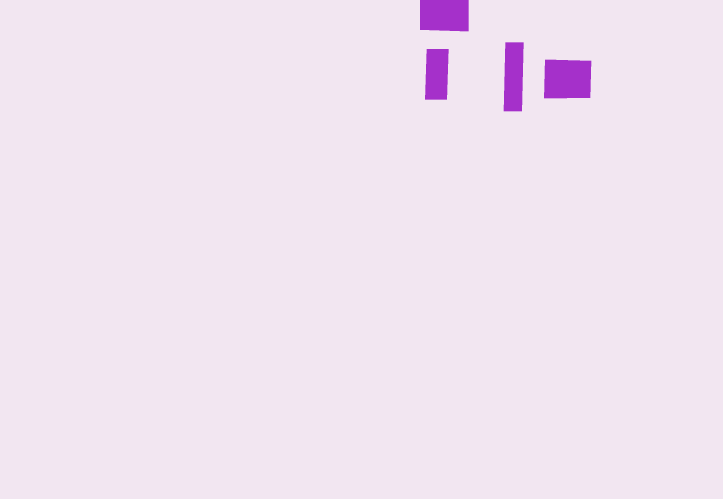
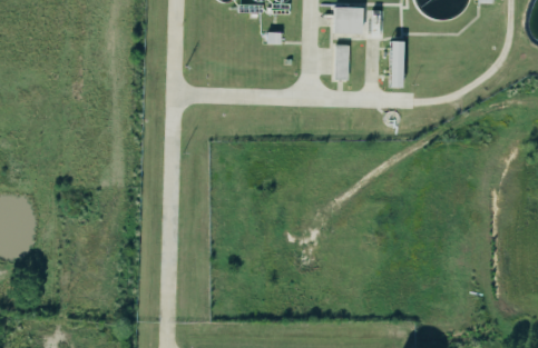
building: [544,59,592,99] -> none

